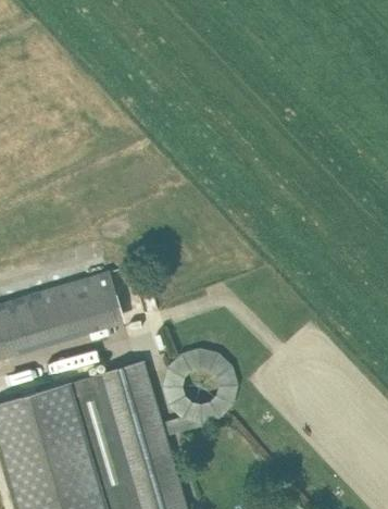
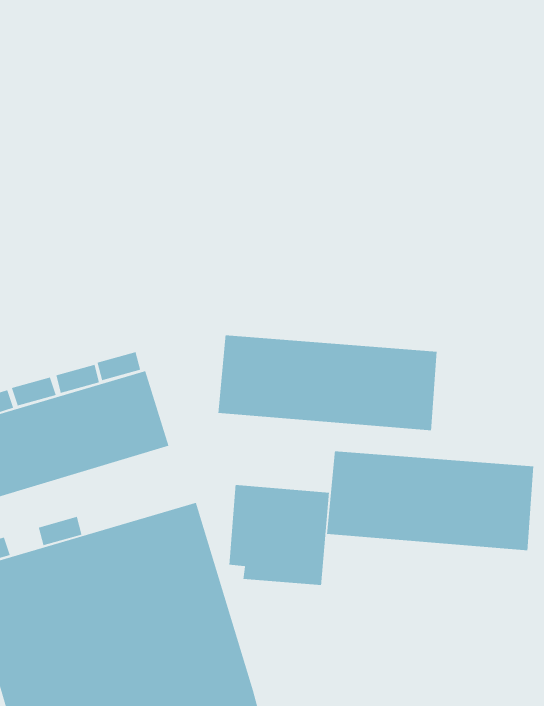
building: none -> [217,335,437,431]
building: none -> [326,450,534,551]

